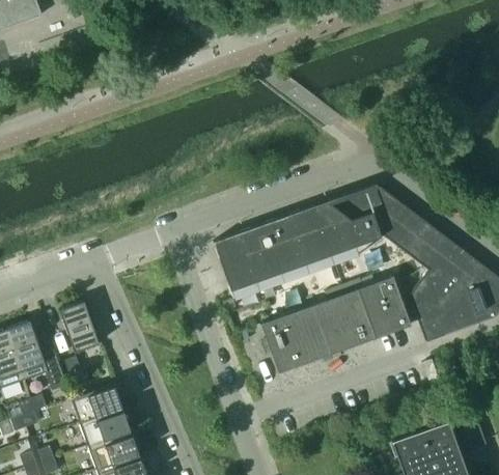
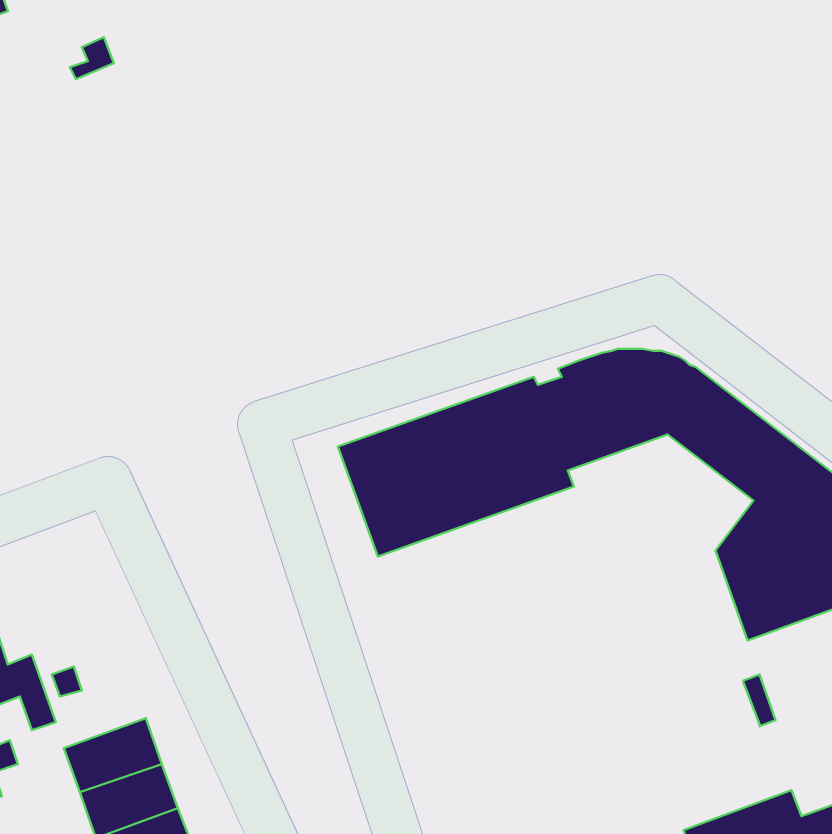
building: [261,276,411,372] -> none
building: [59,301,100,353] -> none

